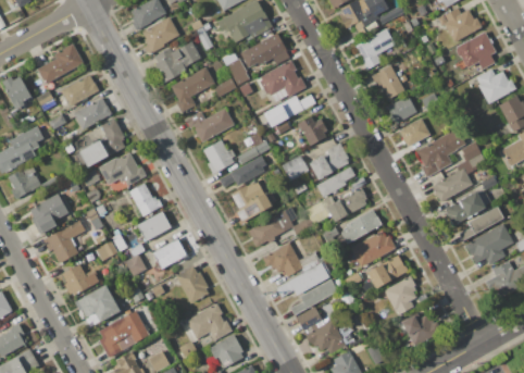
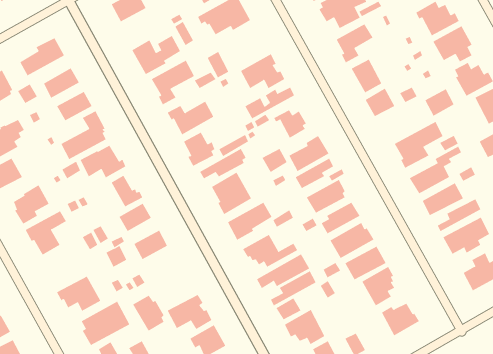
building: [141,16,178,54] -> none
building: [240,33,289,66] -> none
building: [399,119,429,147] -> [425,88,455,116]
building: [61,264,100,296] -> none
building: [175,266,208,303] -> [132,295,164,331]

